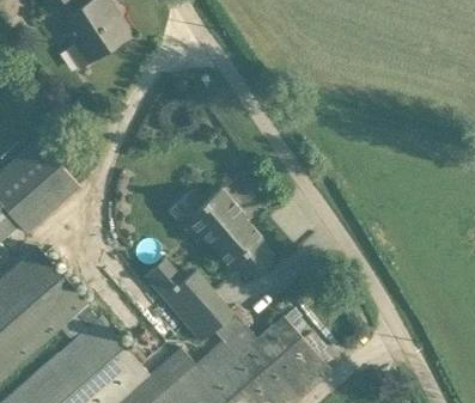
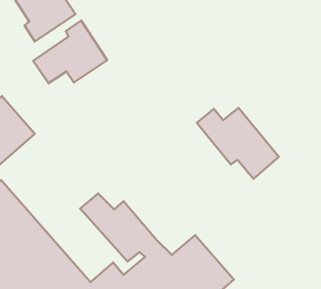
building: none -> [33,21,107,83]
building: [170,187,274,276] -> [197,108,279,179]

